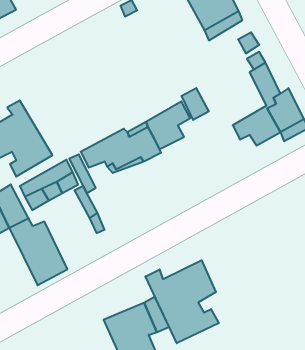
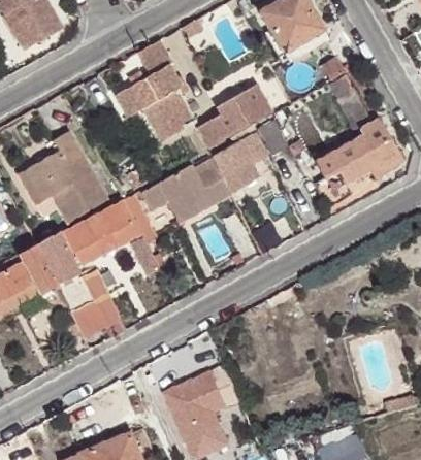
building: none -> [114,38,195,132]
building: none -> [197,84,272,149]
building: [145,260,219,343] -> none

